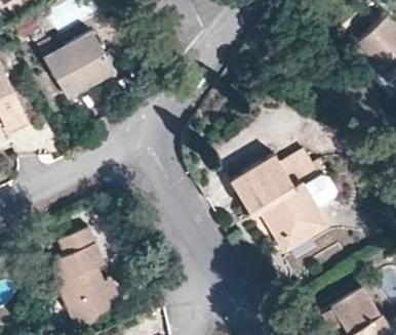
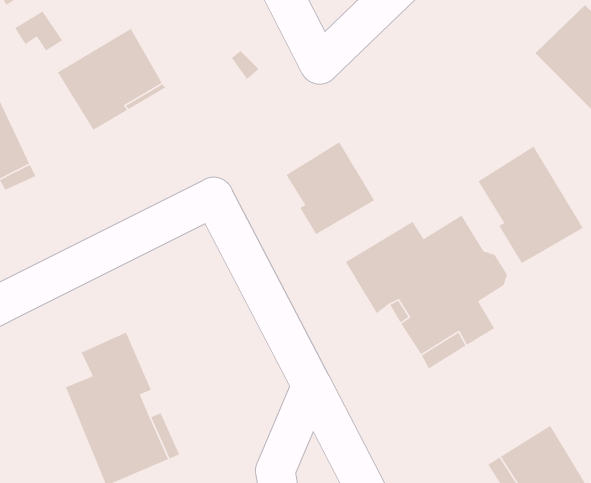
building: none -> [285,141,375,235]
building: none -> [478,146,584,264]

